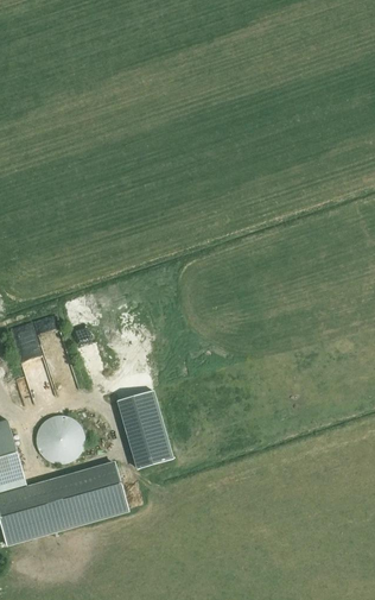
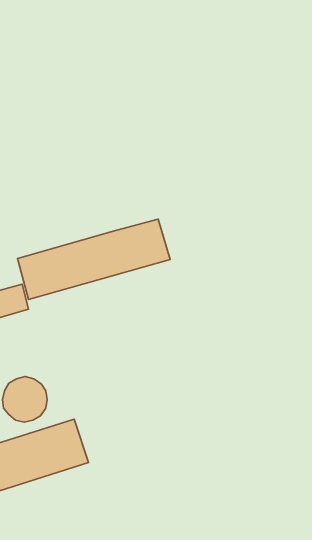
building: none -> [17,219,170,300]
building: [117,389,172,466] -> none

